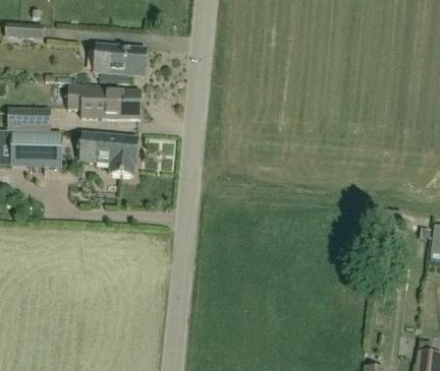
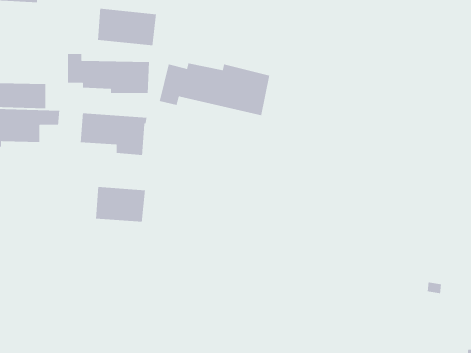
building: none -> [159,62,270,116]
building: none -> [95,186,146,223]

